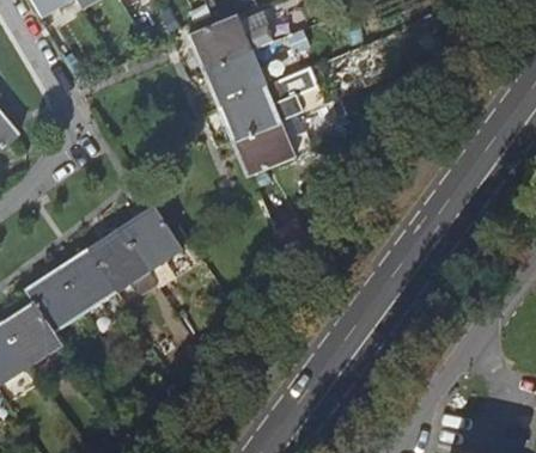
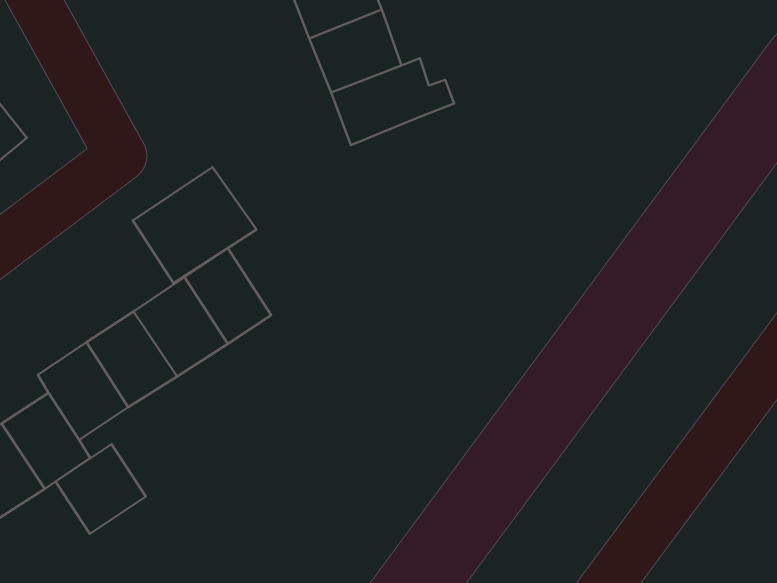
building: [233,120,313,175] -> none
building: none -> [133,167,257,283]
building: none -> [55,444,146,534]

